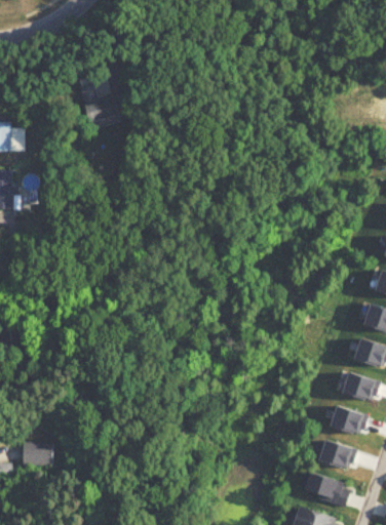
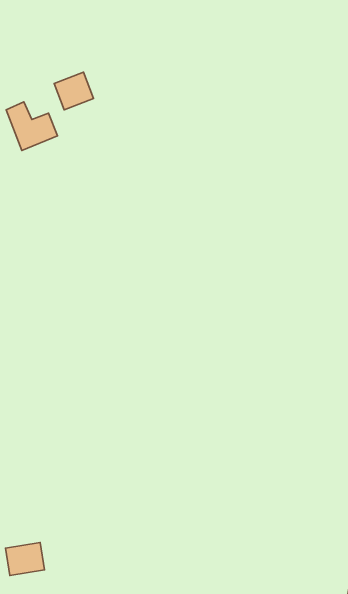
building: none -> [54,72,94,110]

